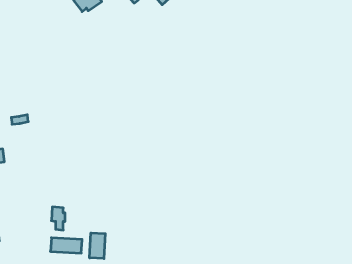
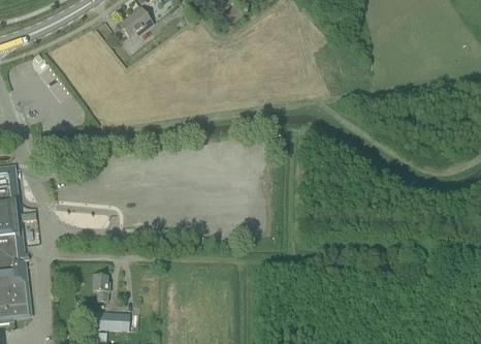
building: [90,233,105,259] -> none

